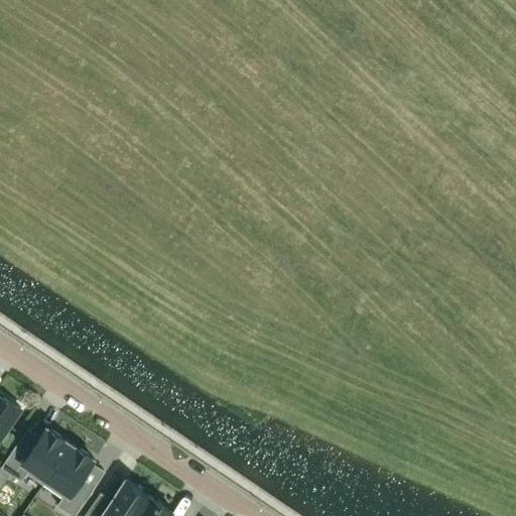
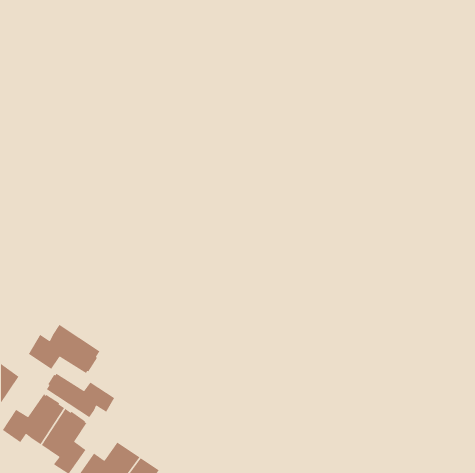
building: none -> [28,324,101,374]
building: none -> [46,372,115,418]

